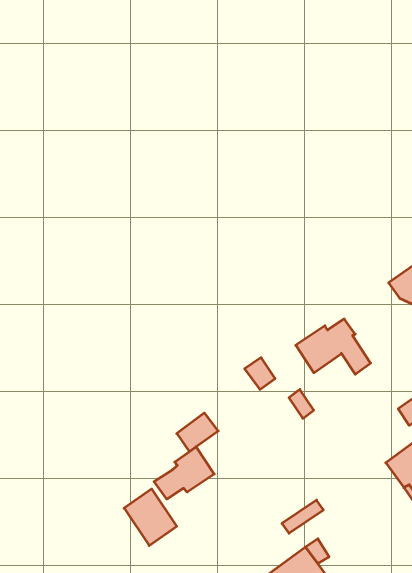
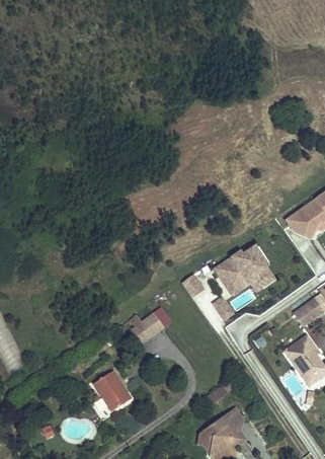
building: none -> [215,265,262,295]
building: [154,447,214,499] -> none

